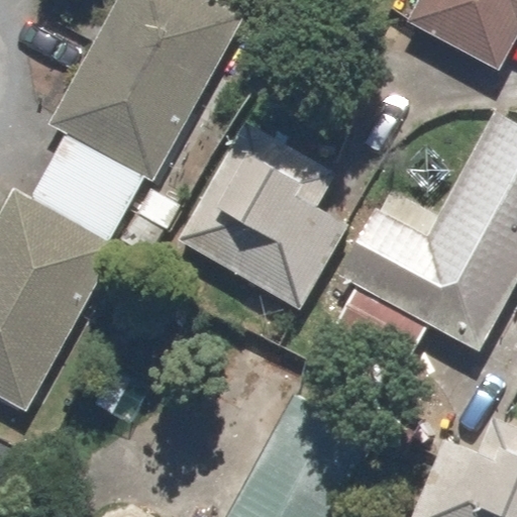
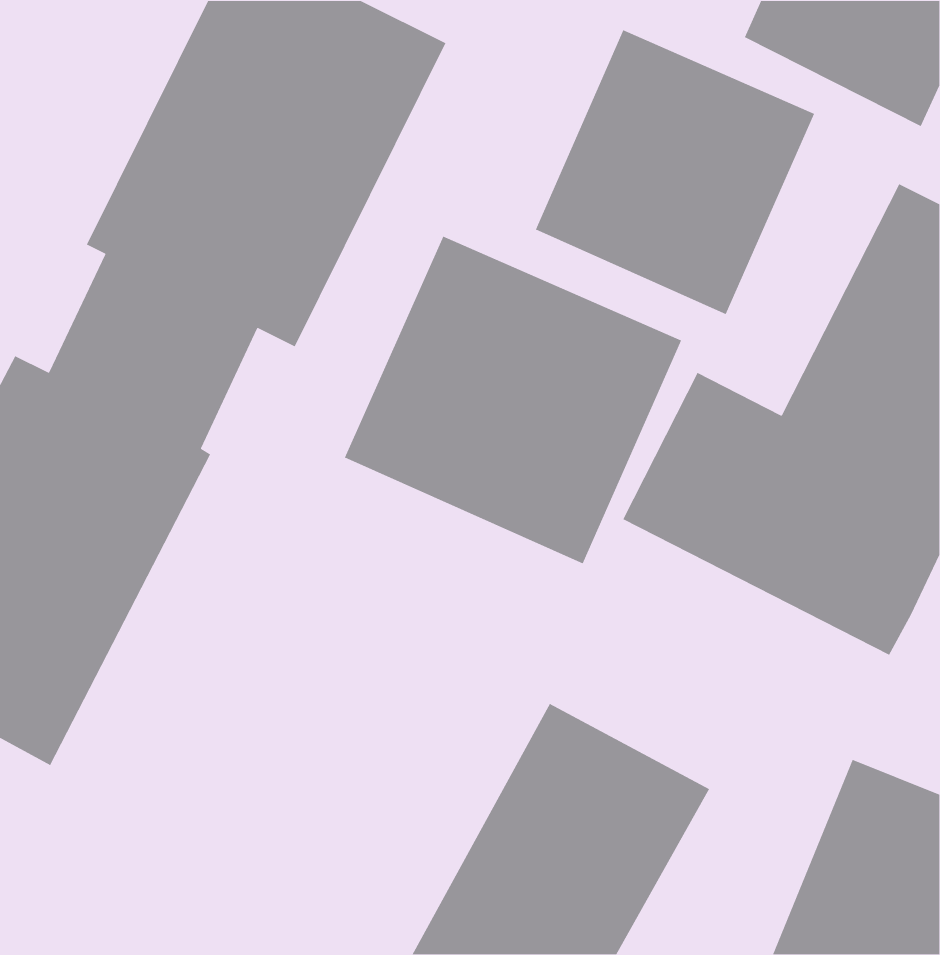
building: none -> [535,29,815,315]

